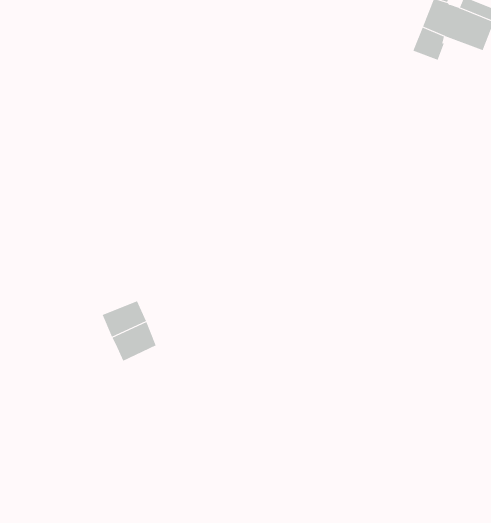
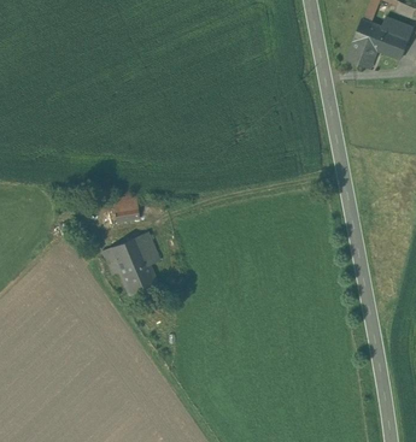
building: none -> [107,202,139,224]
building: none -> [96,234,159,283]

